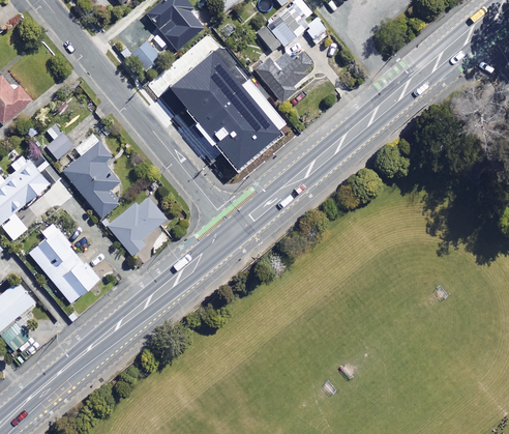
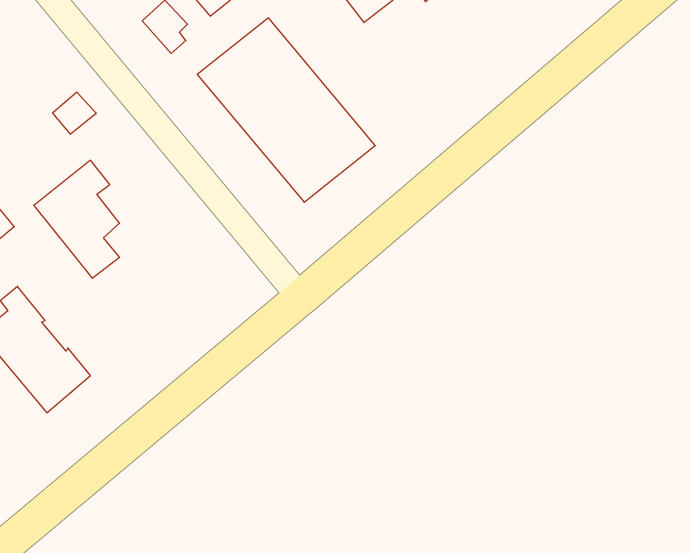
building: [256,50,316,102] -> none
building: [48,132,76,158] -> [53,92,96,134]
building: [108,192,169,255] -> none

